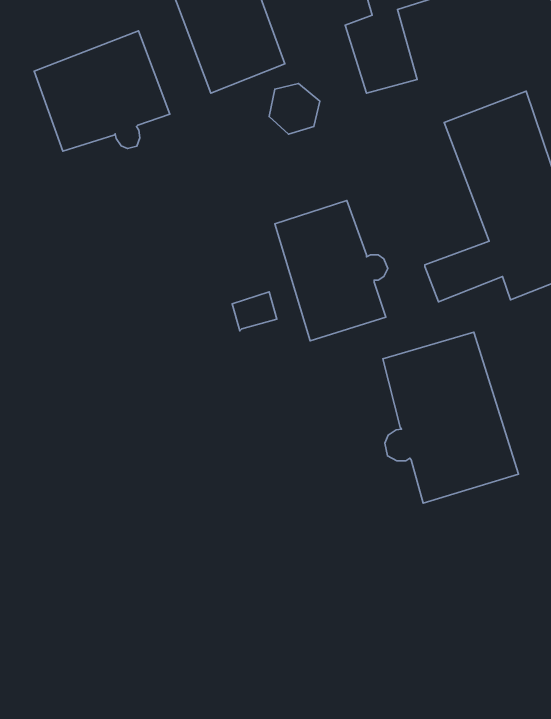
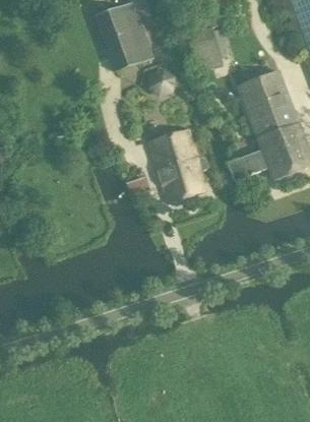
building: [34,31,170,151] -> none
building: [383,332,518,503] -> none

